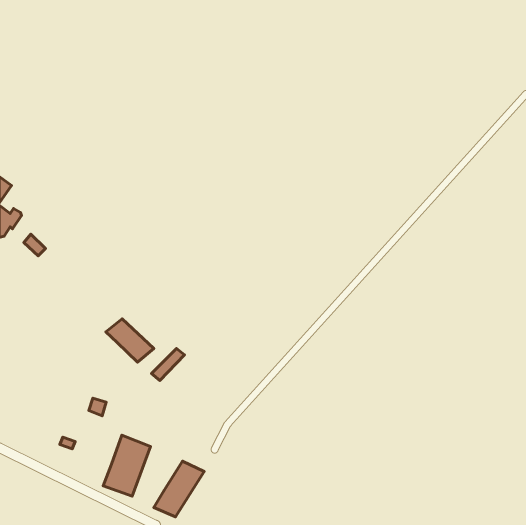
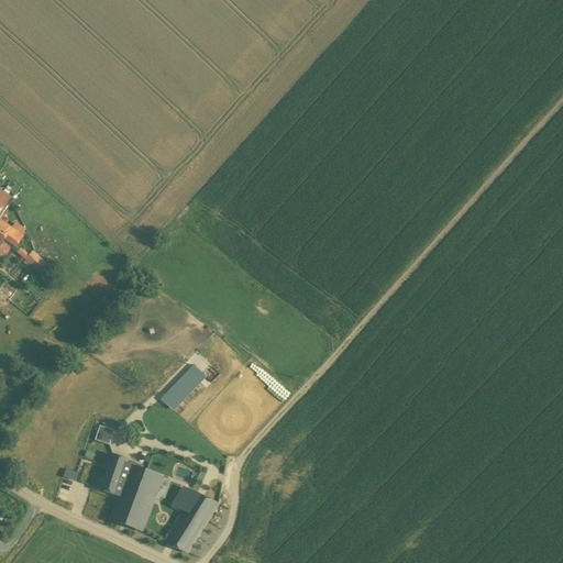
building: [106,319,154,362] -> none
building: none -> [101,454,130,495]

